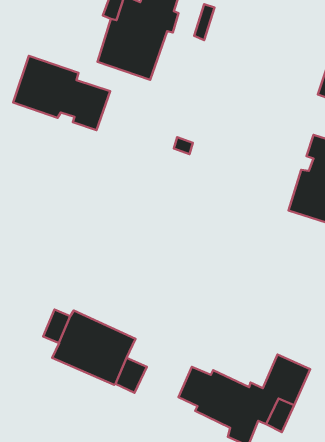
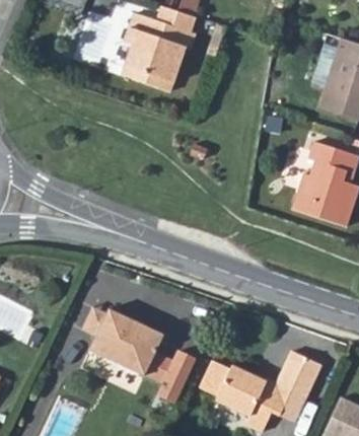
building: [13,56,110,130] -> none
building: none -> [151,343,189,394]

